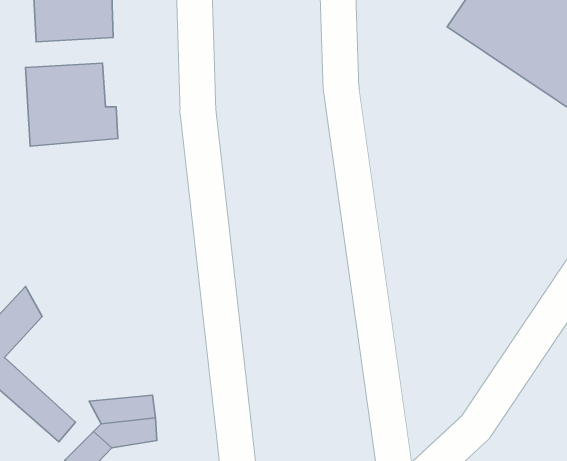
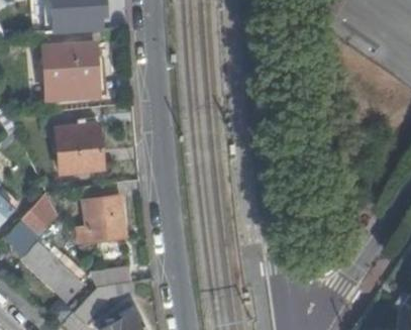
building: none -> [58,122,106,173]
building: none -> [79,195,126,241]

